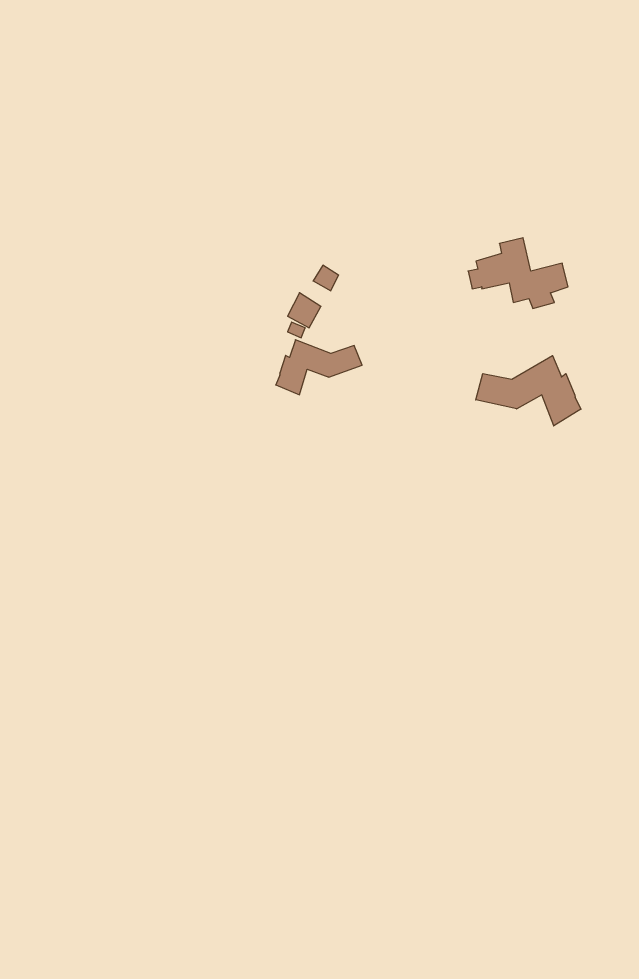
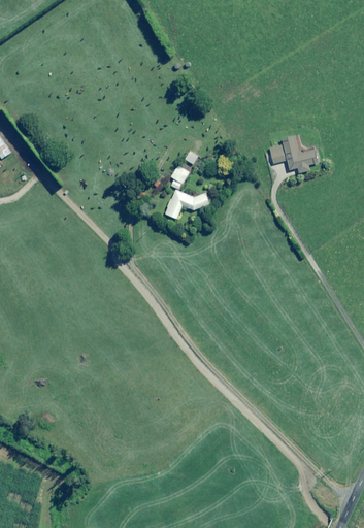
building: [476,356,581,426] -> none

